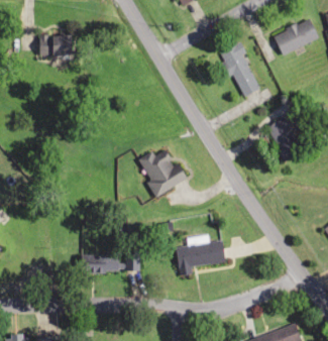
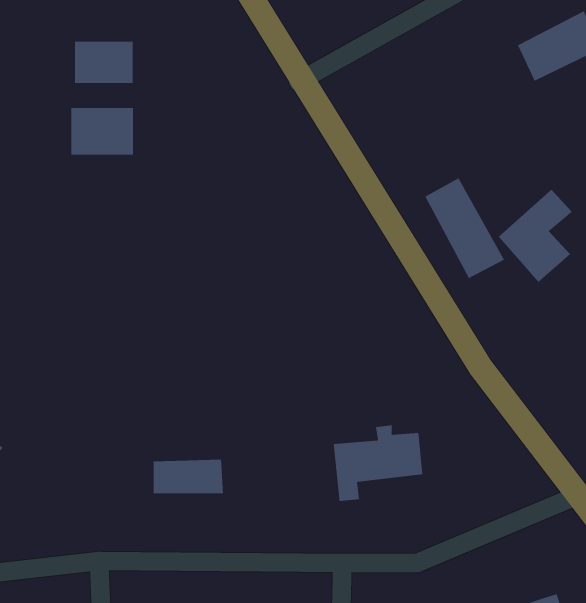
building: [219,43,261,97] -> [424,177,505,279]
building: none -> [71,107,133,155]
building: [138,146,185,195] -> none

